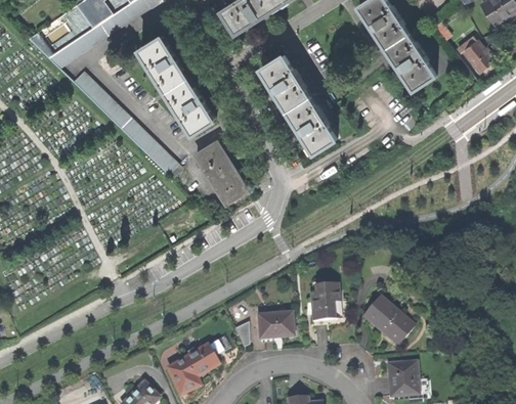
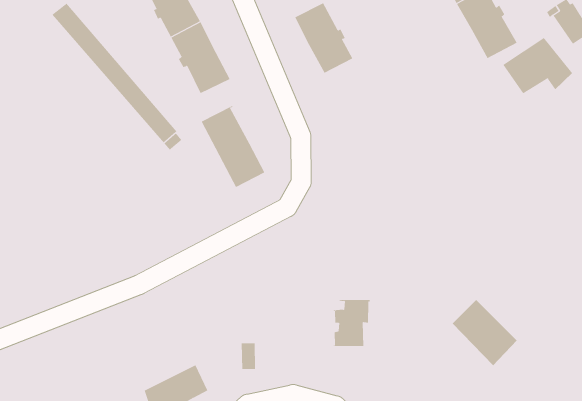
building: none -> [503,37,573,94]
building: [287,97,335,152] -> none
building: [361,296,414,347] -> [452,299,517,366]
building: [257,314,291,339] -> none

